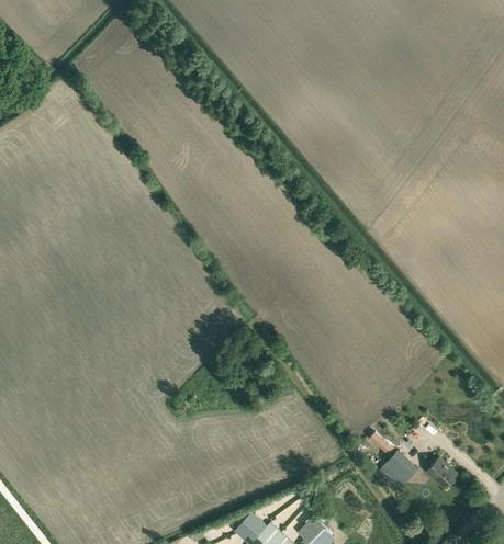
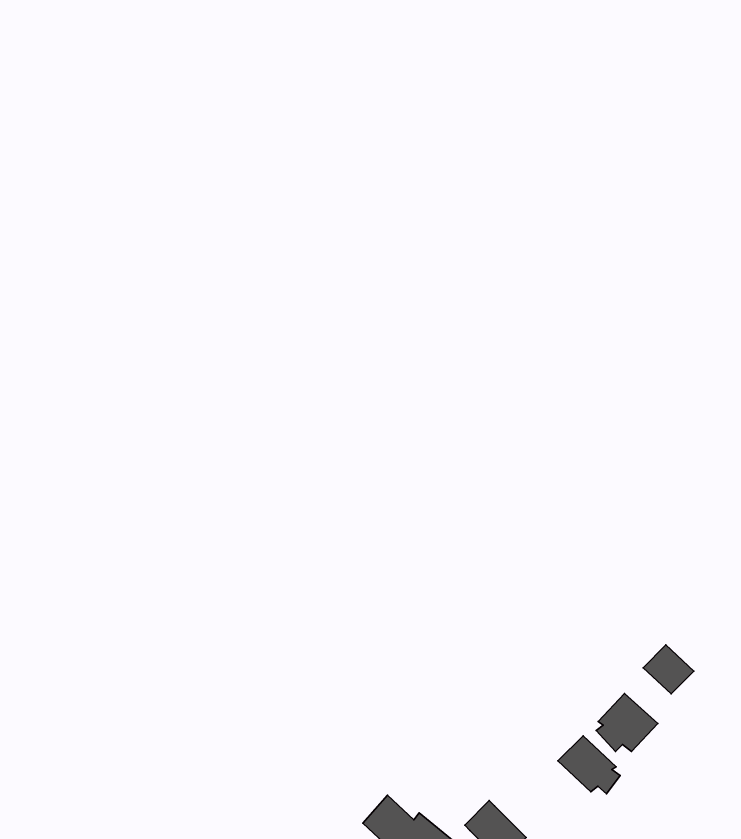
building: [427,457,459,488] -> [643,645,694,694]
building: none -> [558,736,620,794]

